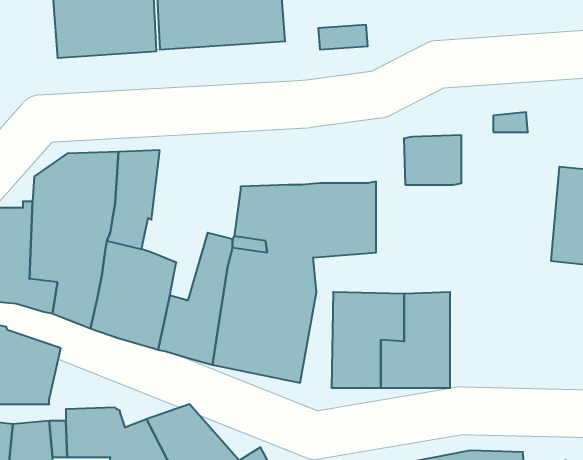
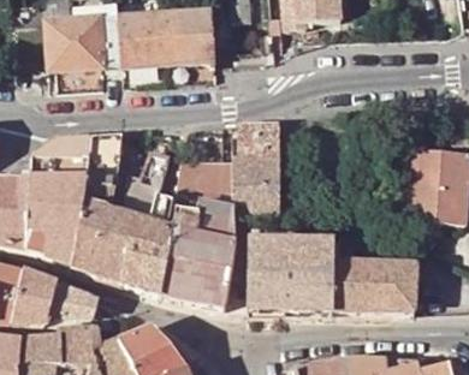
building: [404,135,461,185] -> [238,126,280,162]
building: none -> [123,153,170,248]
building: none -> [334,263,414,311]
building: none -> [42,282,94,320]

